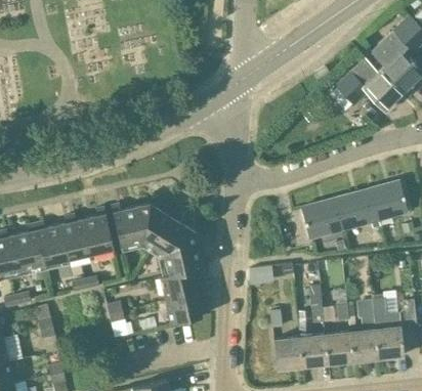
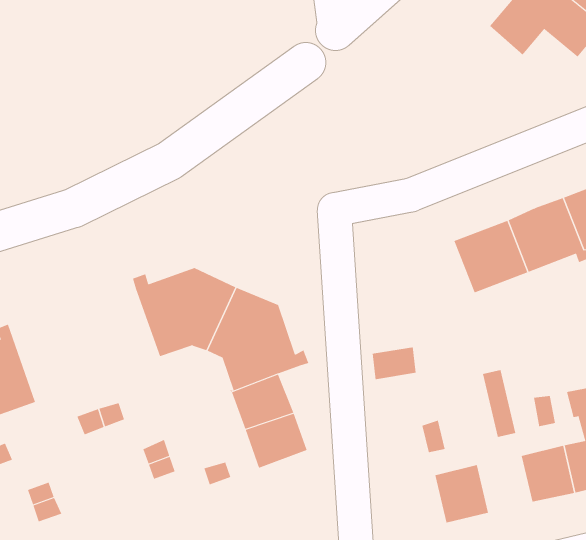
building: [38,207,116,269] -> none
building: [299,335,328,365] -> none

